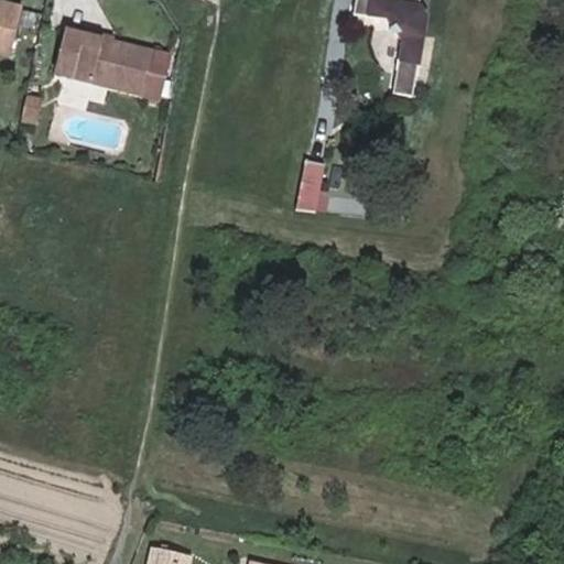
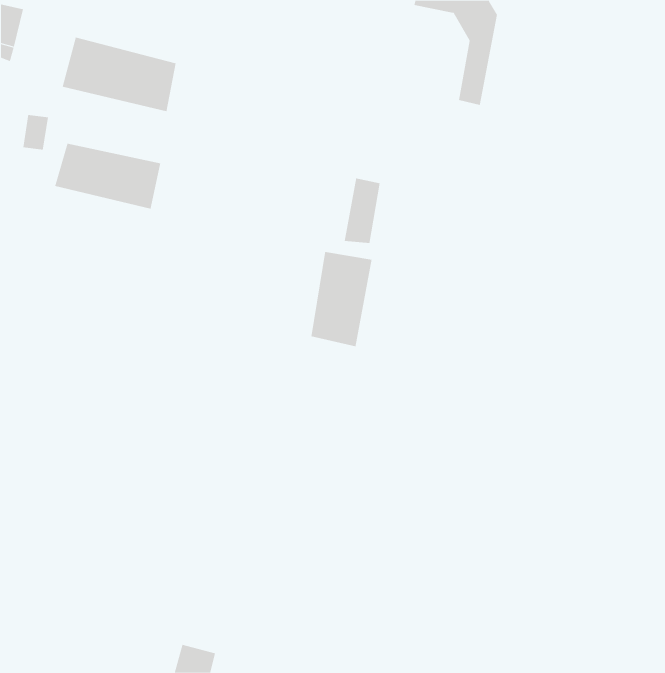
building: none -> [54,143,161,209]
building: none -> [311,251,372,347]

